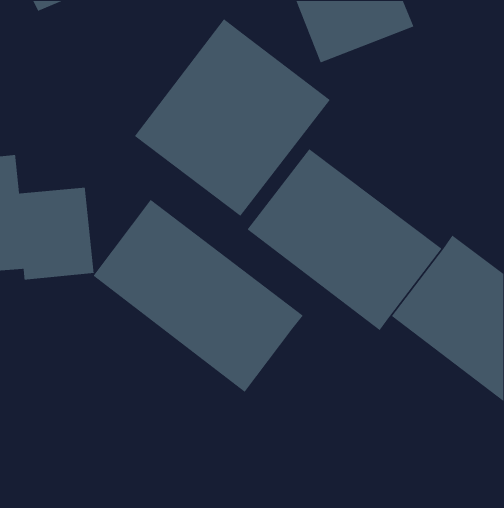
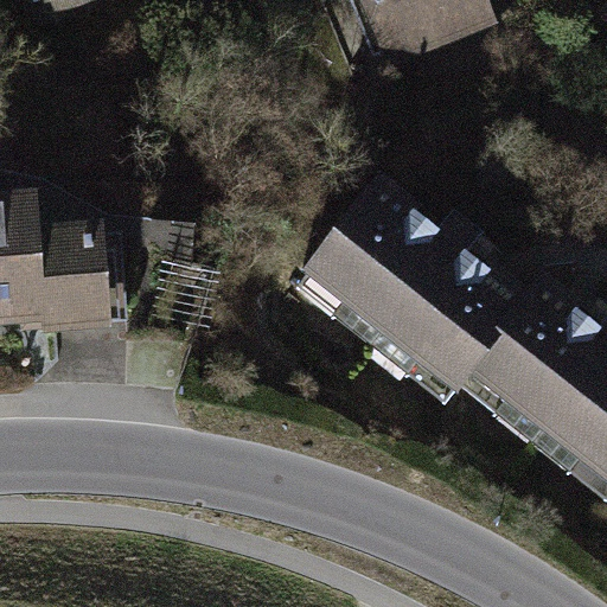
building: [134,18,331,217] -> none
building: [93,199,304,393] -> none

